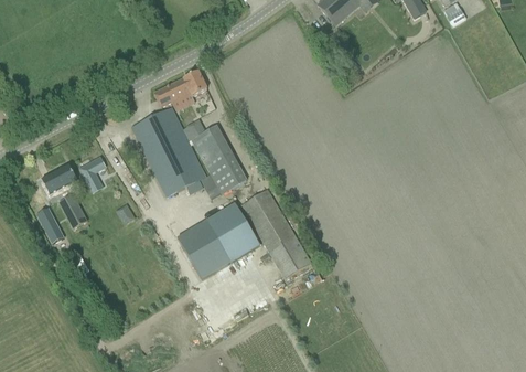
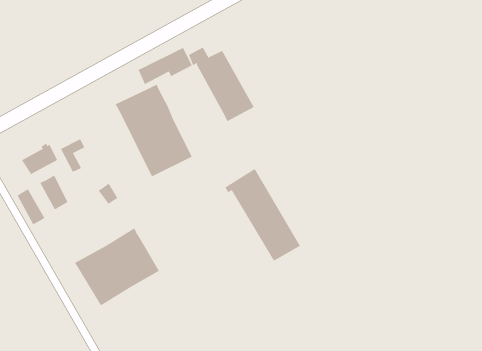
building: [183,120,247,193] -> [188,47,254,122]
building: [176,202,259,278] -> [74,227,160,306]

